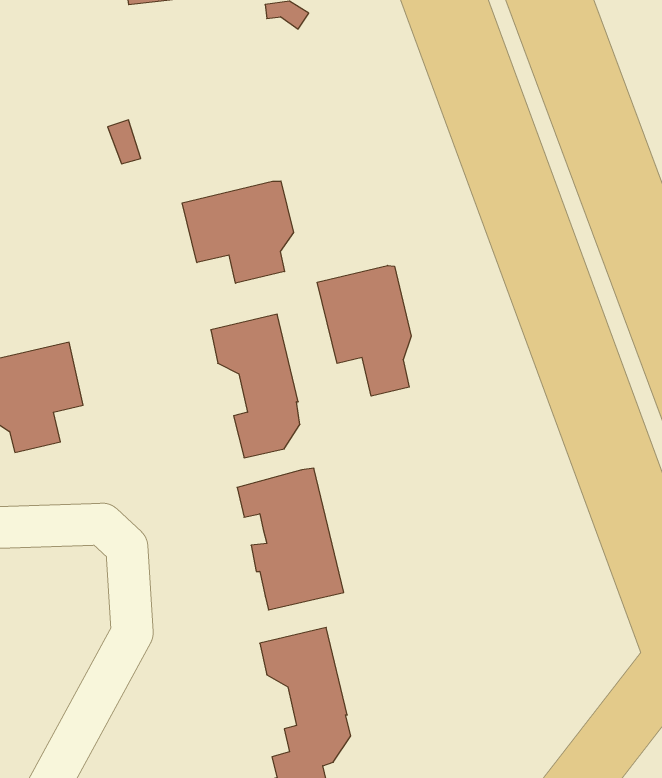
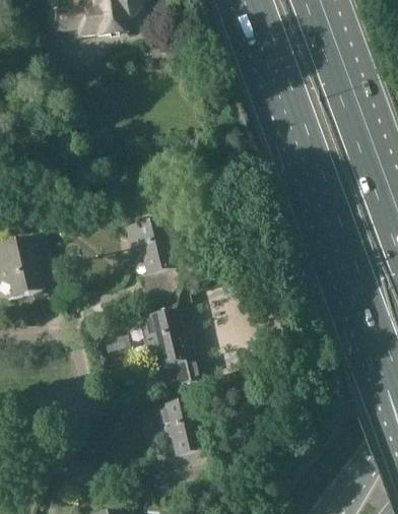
building: [182,181,293,283] -> none
building: [317,265,411,396] -> none

